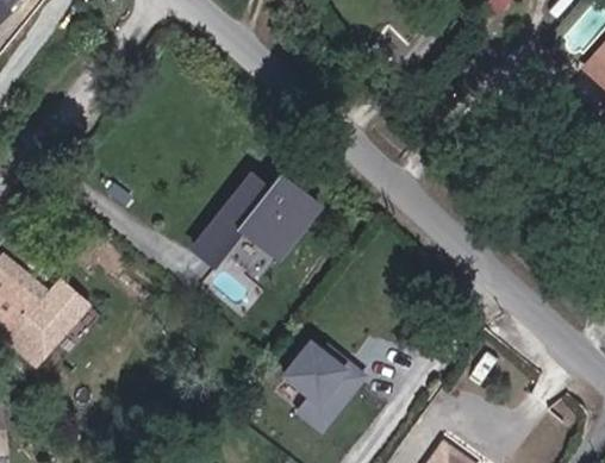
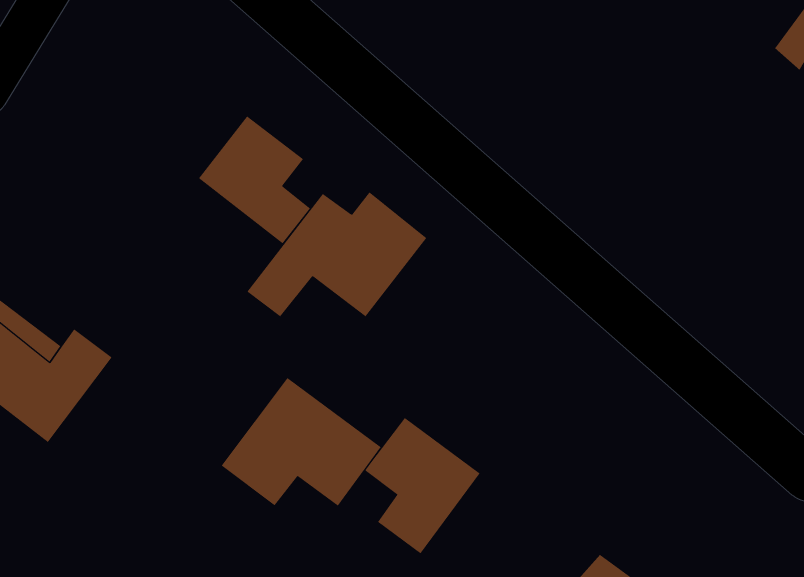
building: none -> [198,116,311,244]
building: none -> [221,377,381,507]

